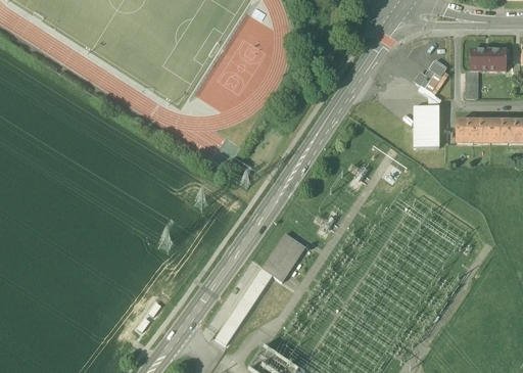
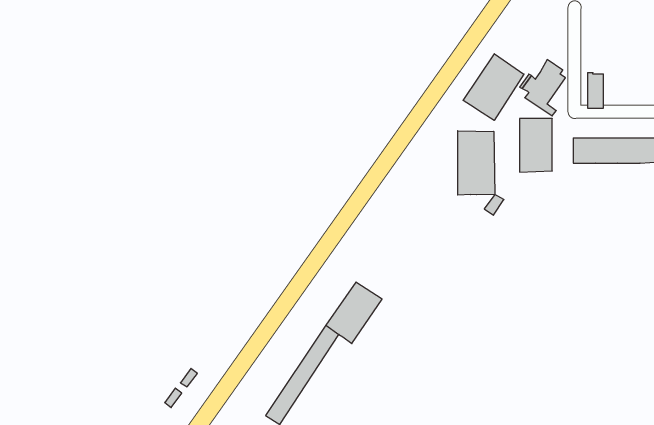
building: [470,49,506,71] -> none
building: none -> [463,54,524,120]
building: none -> [458,131,495,195]

